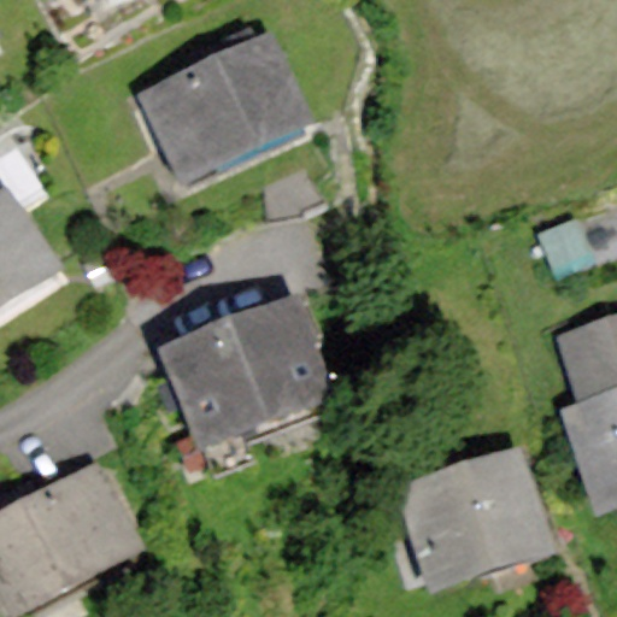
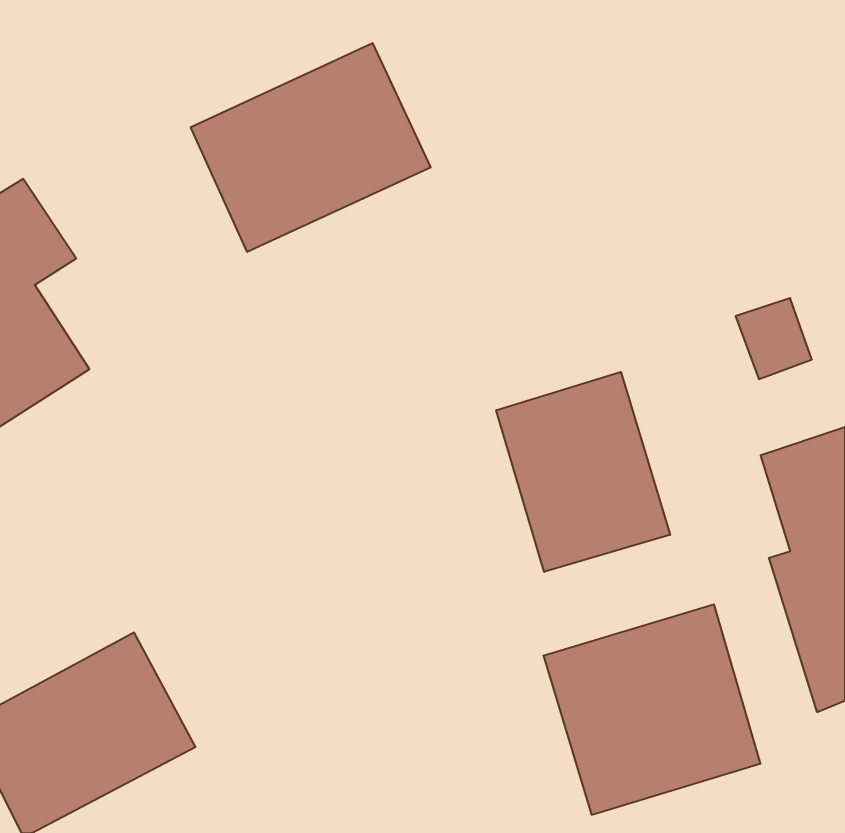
building: none -> [496,372,670,572]
building: [160,296,339,456] -> none

